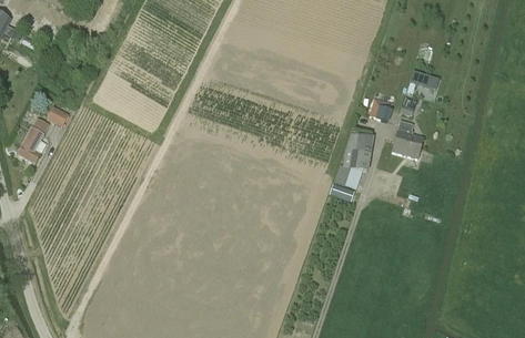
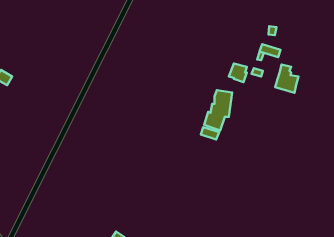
building: [391,120,423,158] -> [275,65,298,93]

